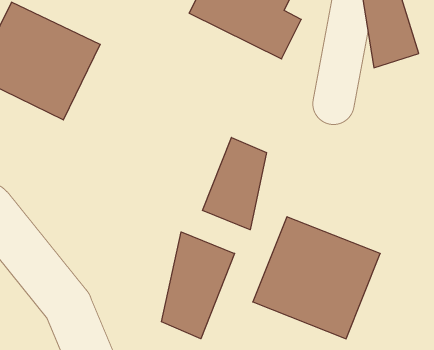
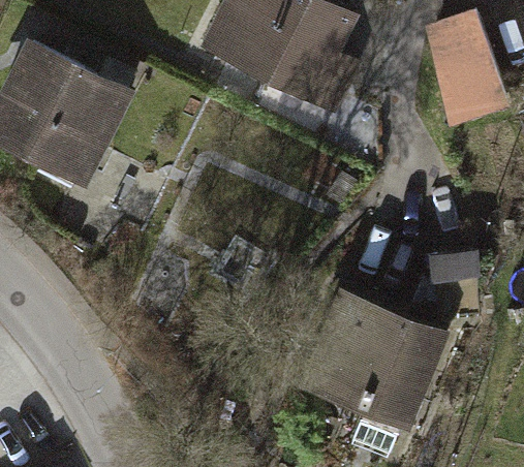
building: [203,137,267,230] -> none
building: [161,232,235,339] -> none

